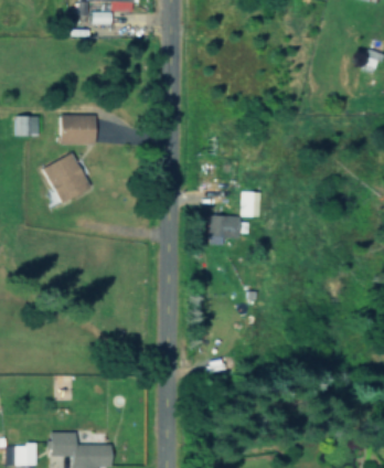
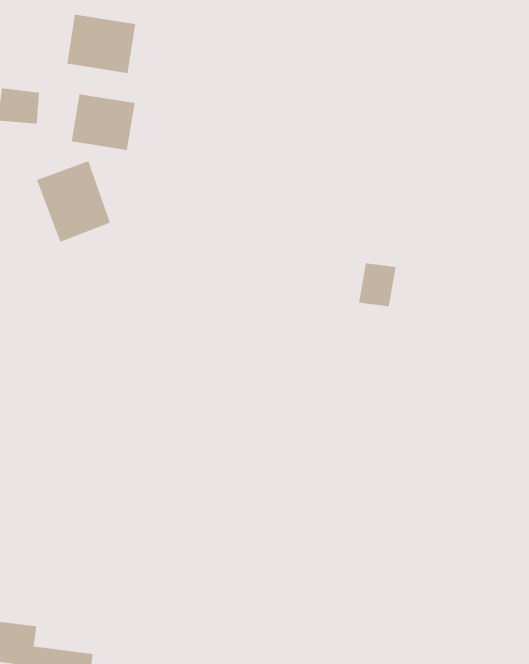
building: none -> [67,14,136,74]
building: [210,217,249,245] -> none

